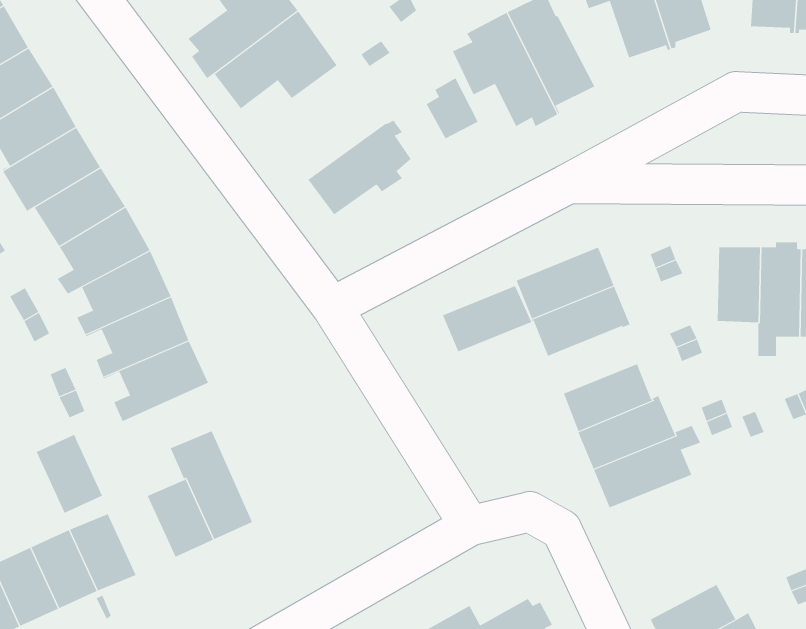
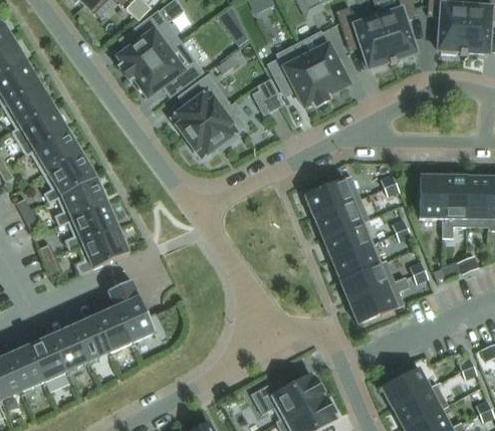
building: none -> [172,73,230,137]
building: [442,285,532,352] -> [322,220,374,258]
building: [36,434,103,514] -> [72,316,110,362]

